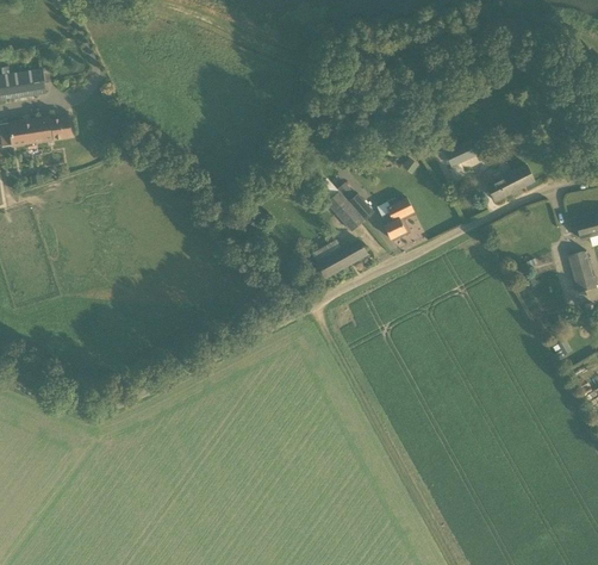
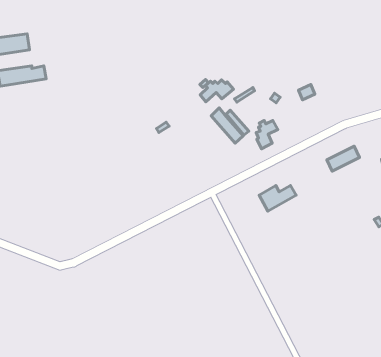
building: none -> [200,80,233,102]
building: [486,164,535,201] -> [327,146,360,171]
building: [312,240,367,278] -> [259,186,296,211]

